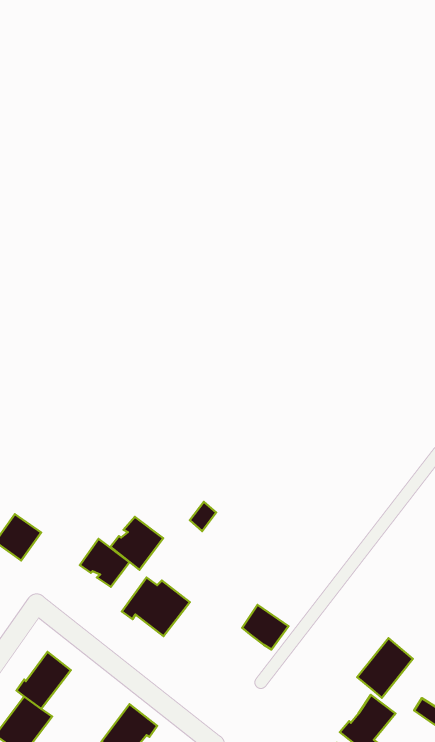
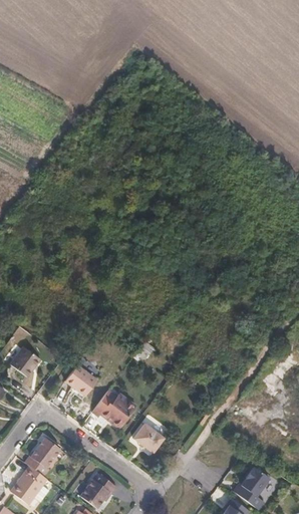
building: [110,517,163,570] -> none
building: [242,605,288,650] -> [137,425,168,454]
building: [357,638,413,698] -> none

